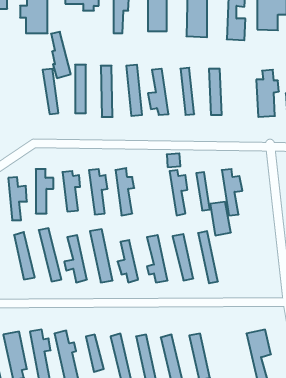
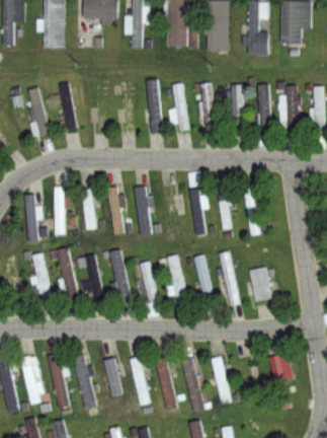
building: [51,32,71,78] -> [27,88,48,136]
building: none -> [254,85,270,135]
building: [210,202,231,235] -> [251,268,272,302]

